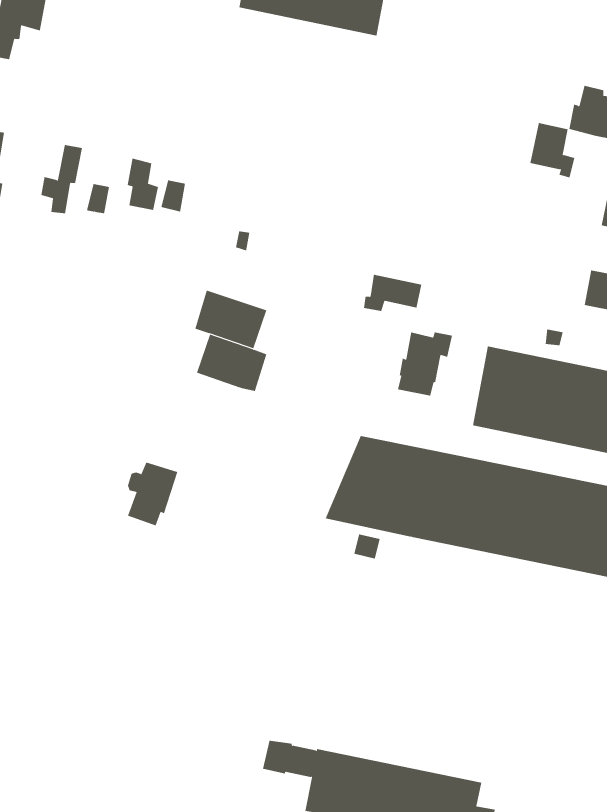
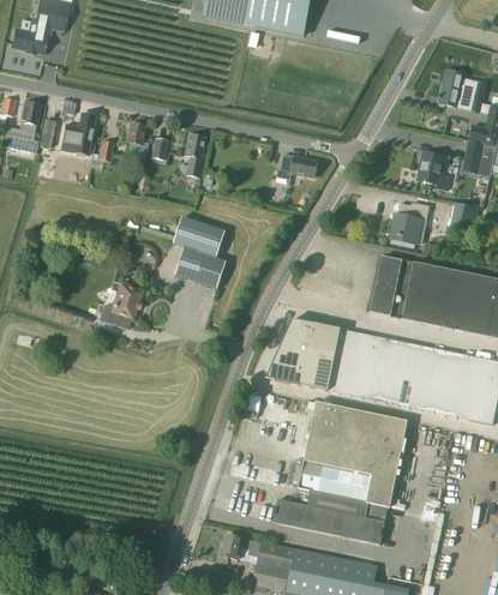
building: [530,122,575,178] -> [418,151,450,191]
building: none -> [185,134,205,179]
building: [363,274,422,311] -> [276,154,318,180]
building: [397,332,453,396] -> [390,203,430,248]
building: [127,462,178,526] -> [107,283,143,329]
building: none -> [274,402,408,545]

